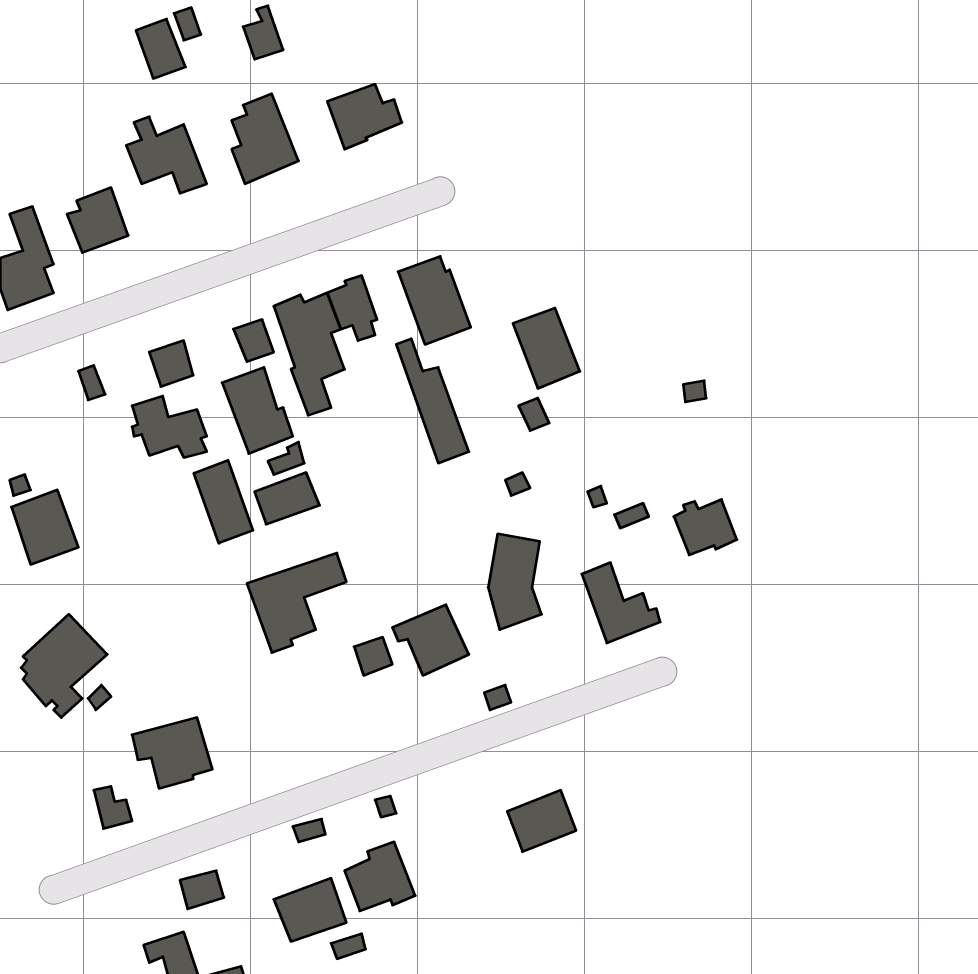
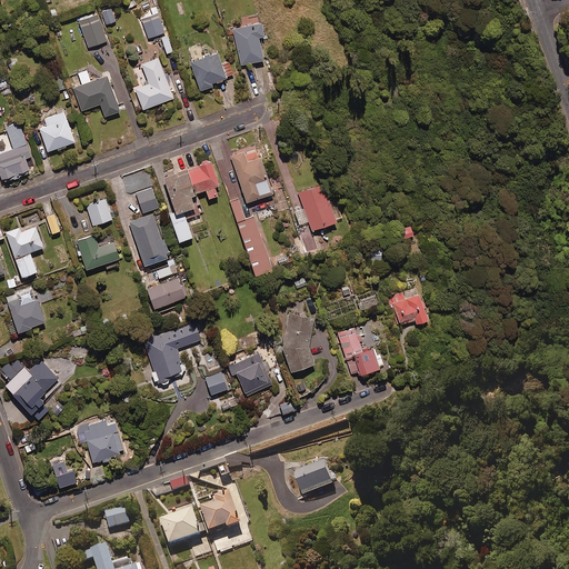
building: none -> [232,14,264,63]
building: none -> [6,228,43,277]
building: [194,460,253,543] -> none

